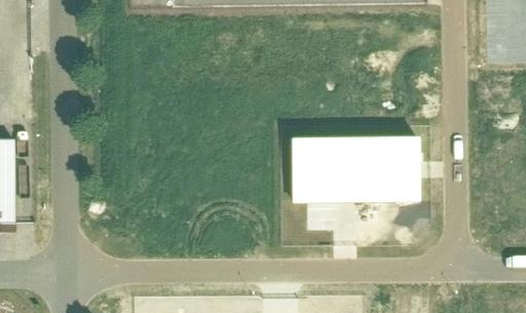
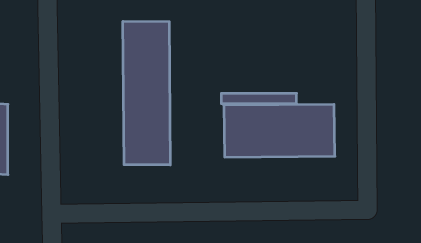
building: none -> [123,21,170,165]

